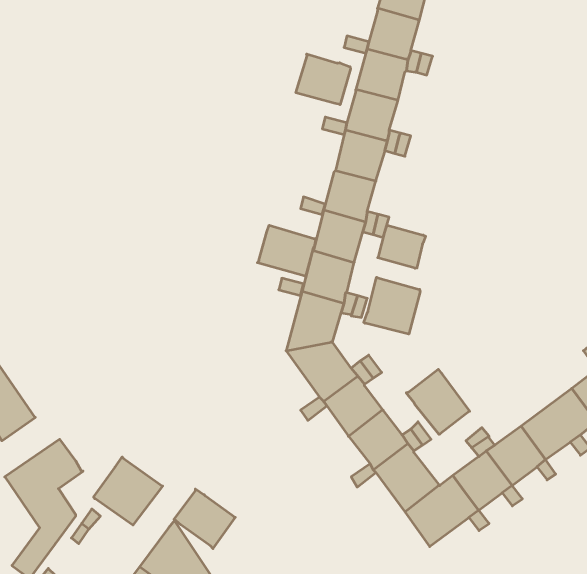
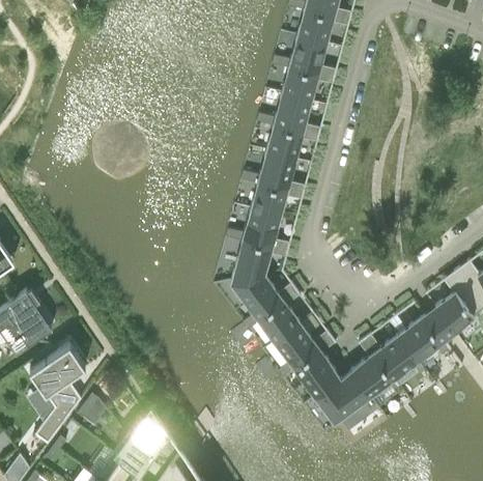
building: [296,54,351,105] -> none
building: [378,225,426,268] -> none
building: [257,225,316,277] -> none
building: [364,277,420,334] -> none
building: [406,369,470,434] -> none
building: [94,457,163,525] -> none
building: [174,489,235,549] -> none

